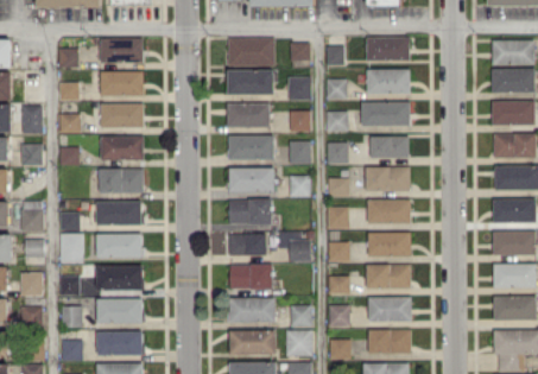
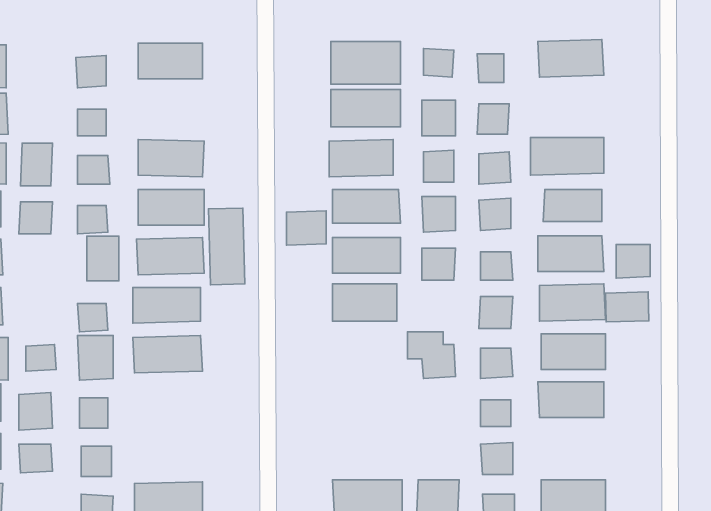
building: [367,69,410,94] -> none
building: [100,71,144,96] -> none
building: none -> [209,208,245,285]
building: none -> [287,211,326,245]
building: none -> [616,244,650,278]
building: [21,202,43,232] -> [87,236,119,281]
building: none -> [605,292,649,322]
building: [229,234,267,256] -> none
building: [229,265,272,289] -> none
building: [96,266,143,291] -> none
building: [229,298,276,322] -> none
building: [368,298,411,322] -> none
building: [97,299,143,323] -> none
building: [290,305,312,328] -> none

